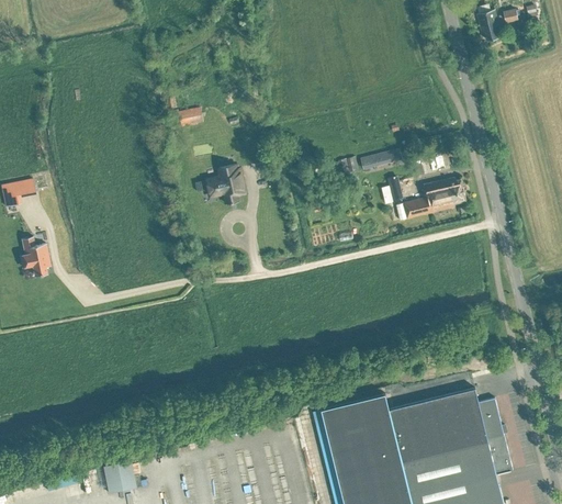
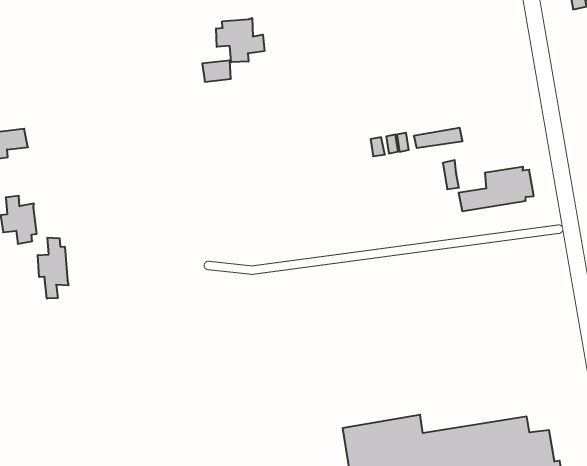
building: none -> [216,18,264,62]
building: [206,166,245,205] -> none
building: none -> [38,238,68,299]

